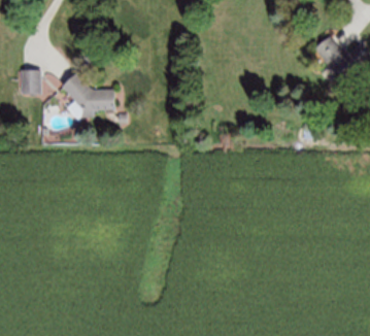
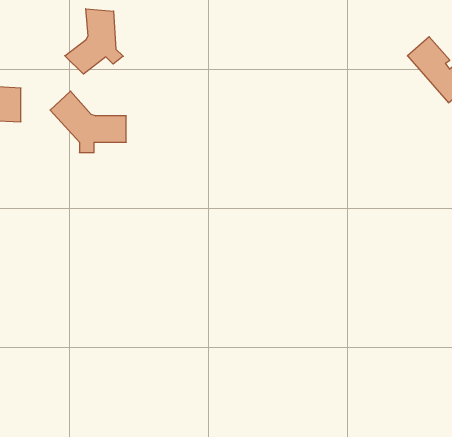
building: none -> [65,9,123,74]

